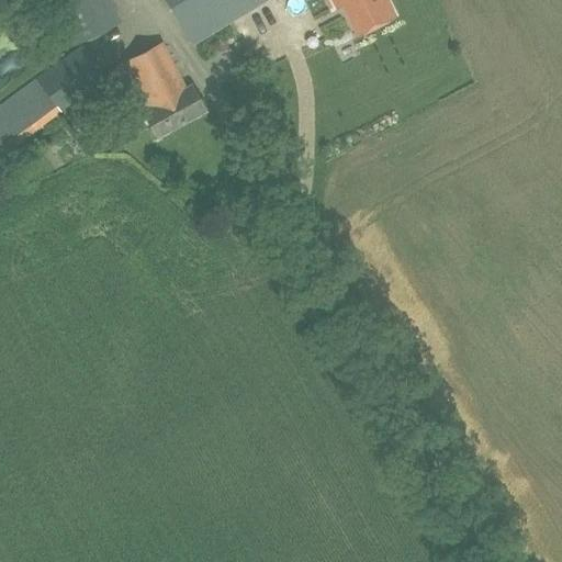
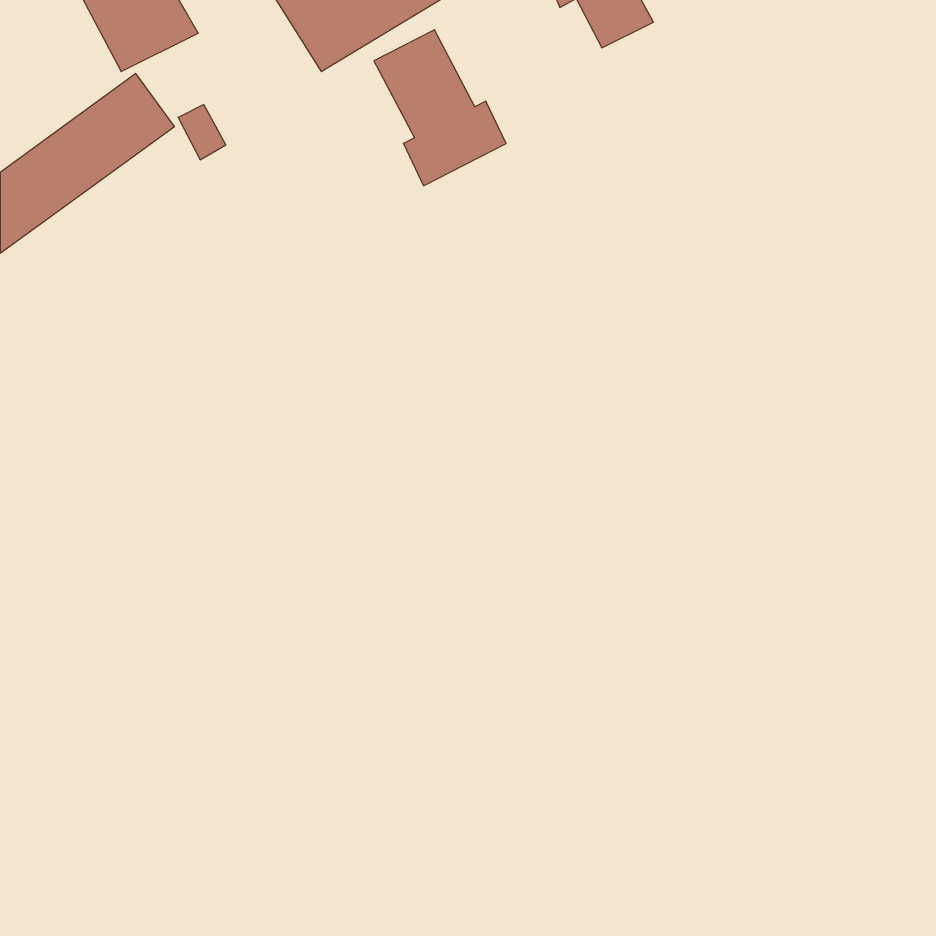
building: [126,42,205,135] -> [374,30,506,186]

